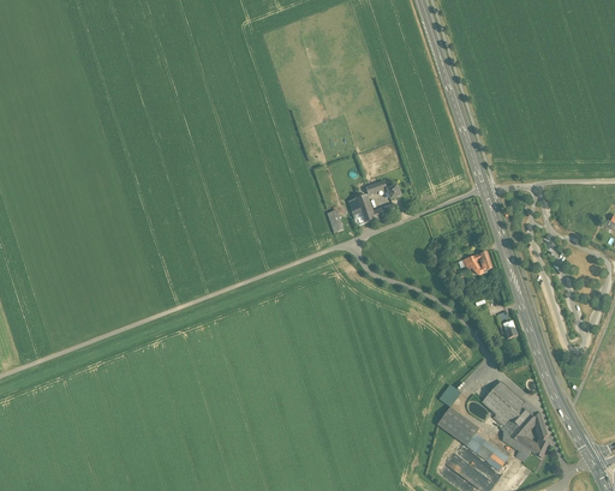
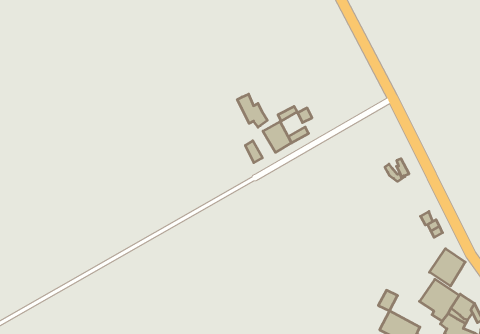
building: none -> [237,94,267,127]
building: none -> [429,249,465,286]

